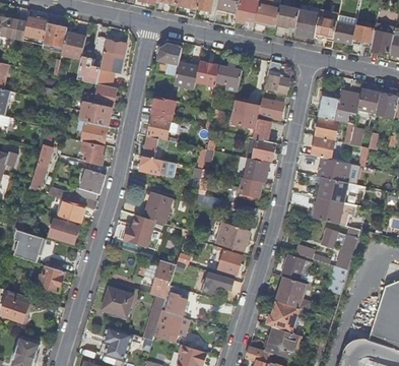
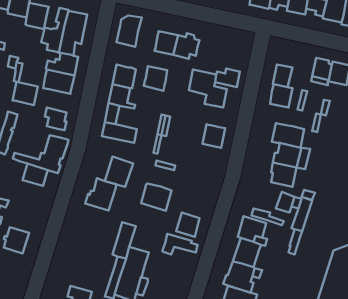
building: [266,61,288,93] -> none
building: [174,62,198,87] -> [144,66,167,91]
building: [333,89,360,122] -> none
building: [81,121,108,145] -> [12,82,38,105]
building: [311,136,334,159] -> none
building: [252,138,275,161] -> none
building: [239,177,271,198] -> none
building: [50,215,78,242] -> none
building: [218,223,250,251] -> [141,184,172,211]
building: [101,286,133,316] -> none

